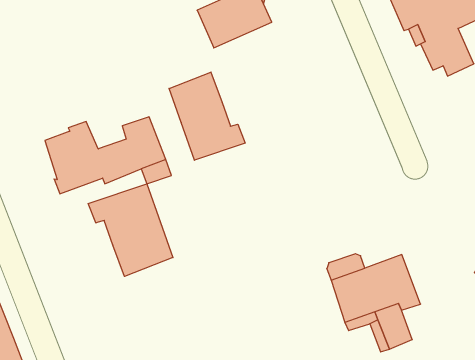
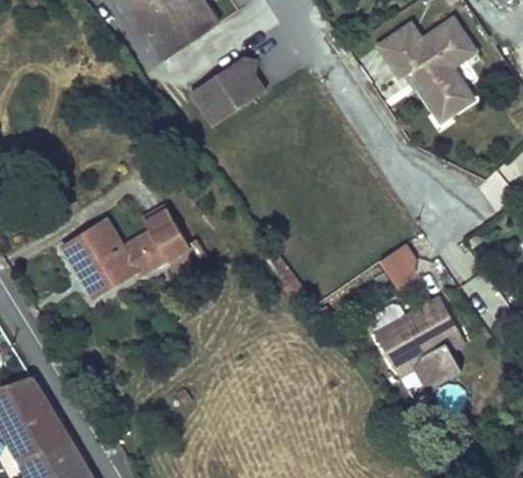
building: [169,72,245,160] -> none
building: [88,184,173,276] -> none
building: none -> [380,241,425,286]

